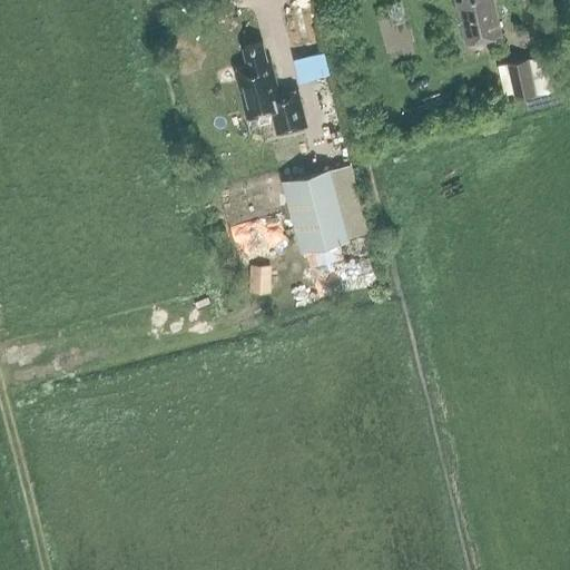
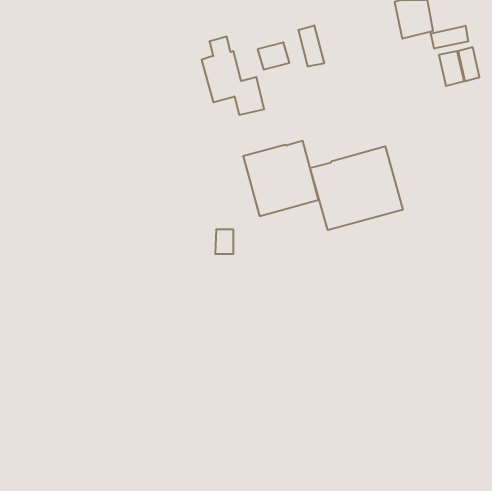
building: none -> [299,25,324,67]
building: none -> [431,26,468,49]
building: none -> [310,146,403,230]

